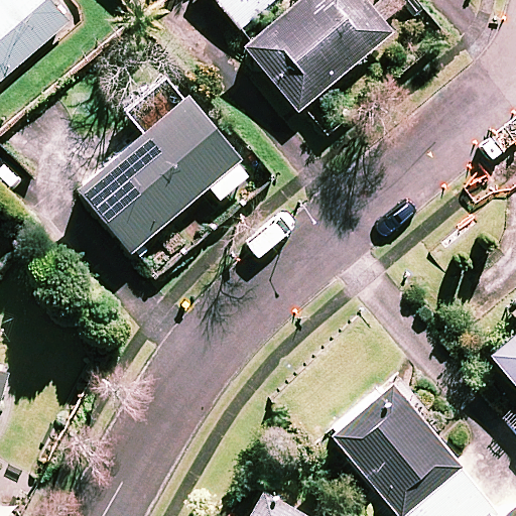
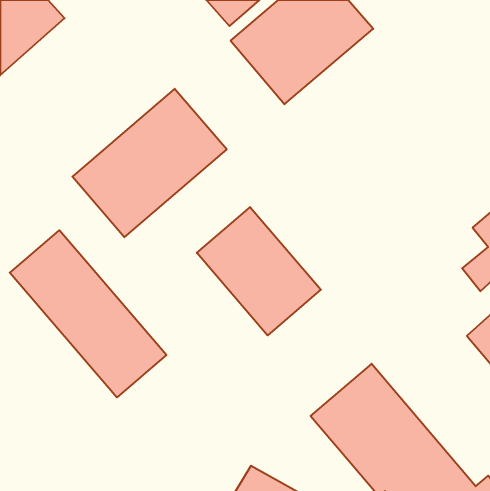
building: none -> [197,207,321,335]
building: none -> [10,230,166,397]

